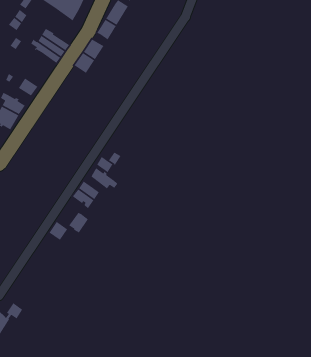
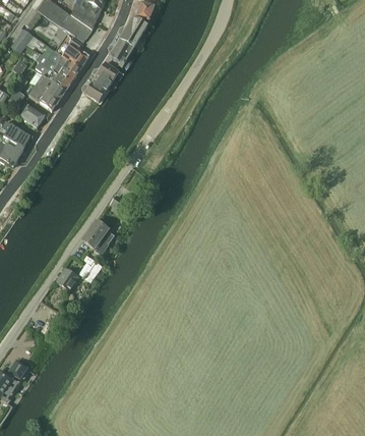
building: none -> [62,38,88,68]
building: none -> [28,74,65,110]
building: [89,167,118,190] -> none

